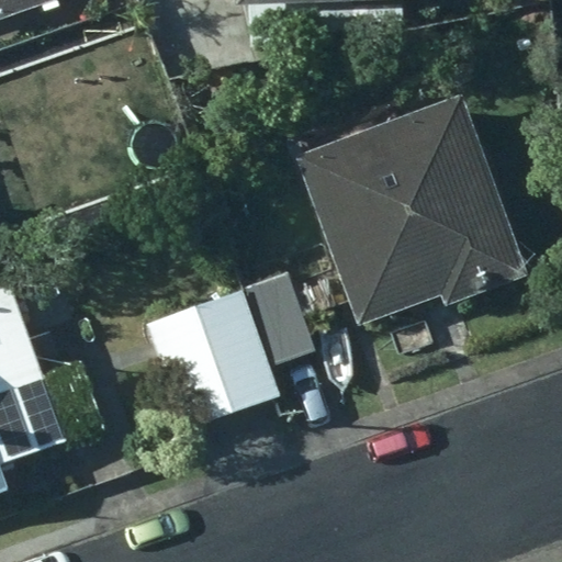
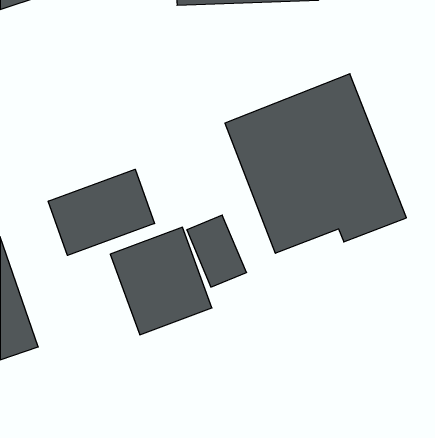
building: none -> [48,169,155,255]

